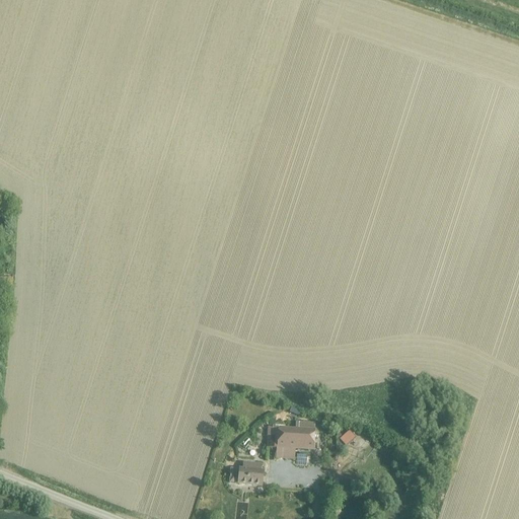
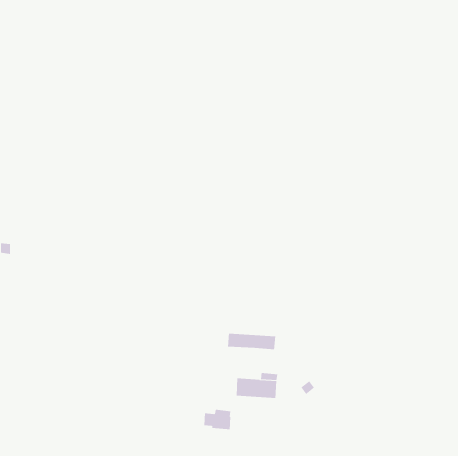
building: none -> [227,333,276,350]

